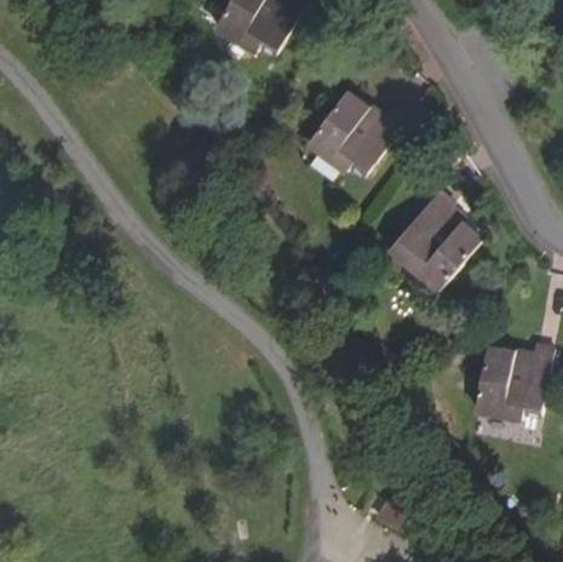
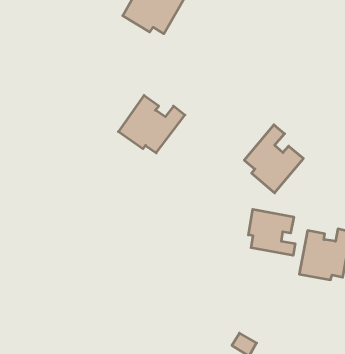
building: [308,92,406,177] -> [118,95,185,153]
building: none -> [248,209,295,255]

